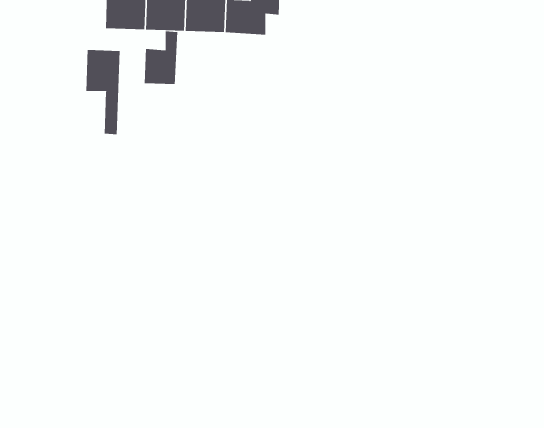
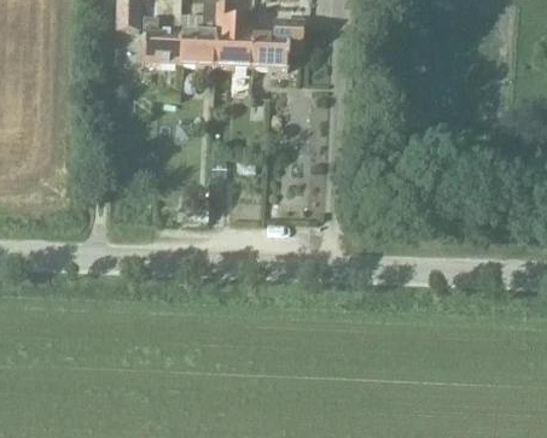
building: [144,31,178,85] -> none
building: [86,49,120,135] -> none

